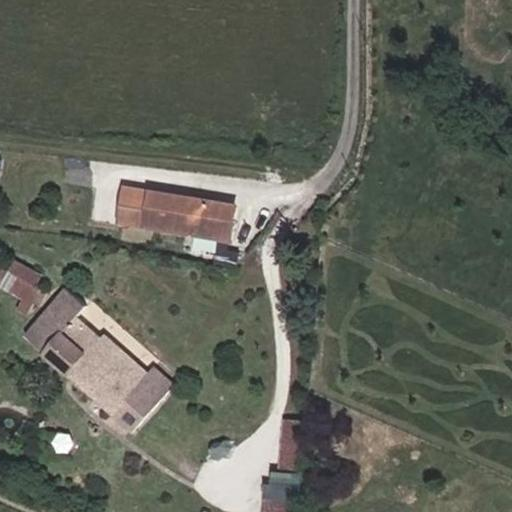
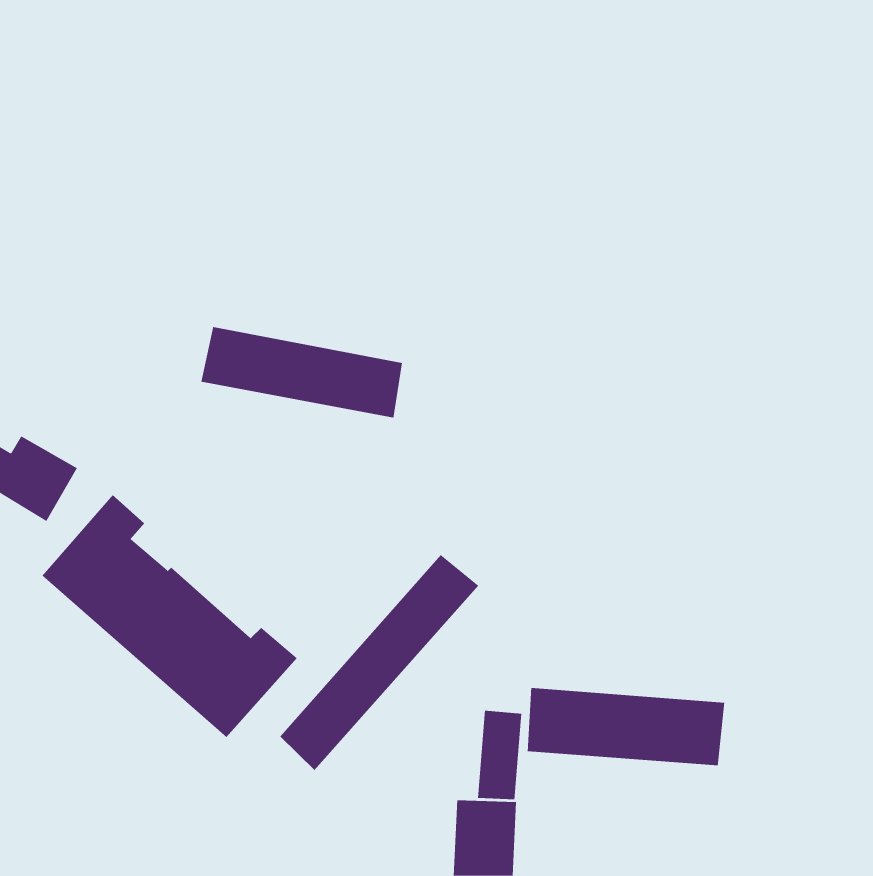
building: none -> [279,554,479,771]
building: none -> [527,687,725,766]

